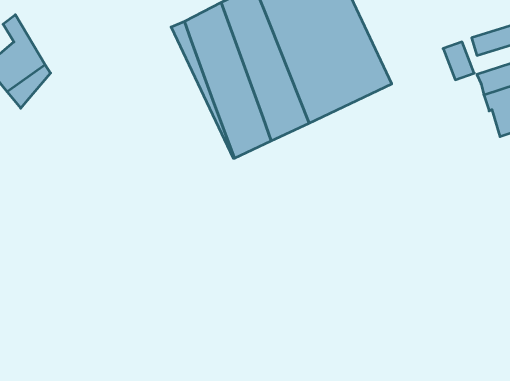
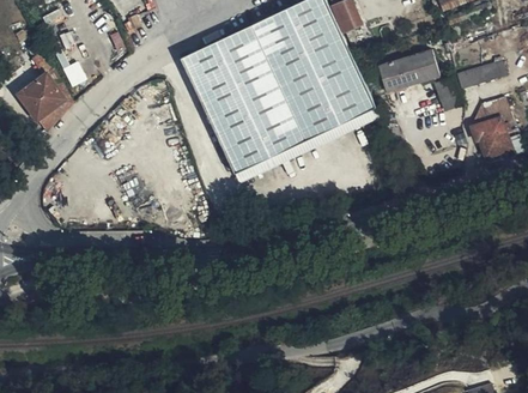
building: none -> [370,44,431,86]

